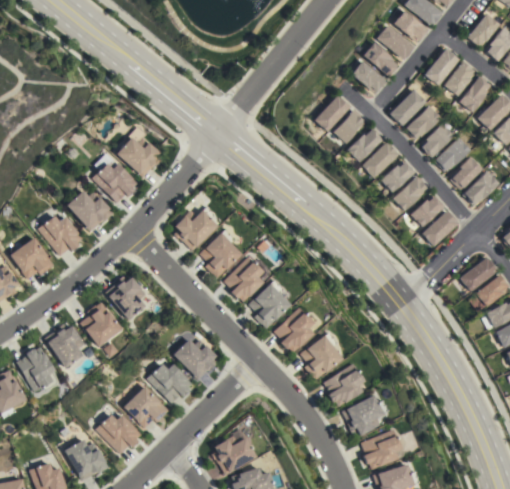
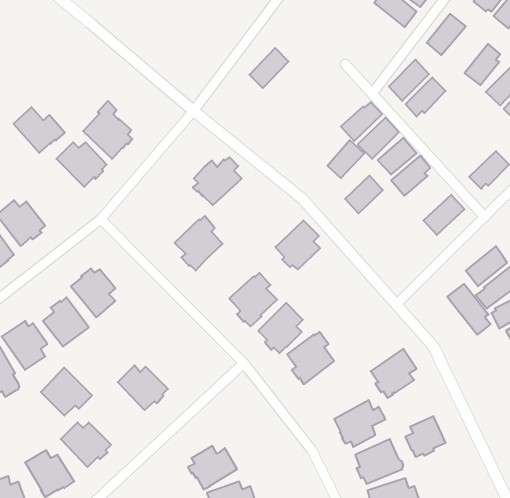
building: [364,42,399,77] -> none
building: [352,61,386,92] -> none
building: [443,61,474,96] -> none
building: [315,95,350,131] -> [249,48,289,88]
building: [334,109,367,143] -> [327,140,364,178]
building: [421,123,454,158] -> none
building: [434,137,470,172] -> none
building: [450,156,482,190] -> none
building: [67,190,113,231] -> [14,107,65,153]
building: [410,193,444,227] -> [345,176,383,213]
building: [173,207,217,250] -> [193,157,242,205]
building: [223,257,263,301] -> [275,220,320,269]
building: none -> [447,284,491,335]
building: [172,339,216,380] -> none
building: [322,363,363,407] -> [371,349,416,398]
building: [123,385,169,428] -> [41,368,92,416]
building: none -> [406,416,445,457]

